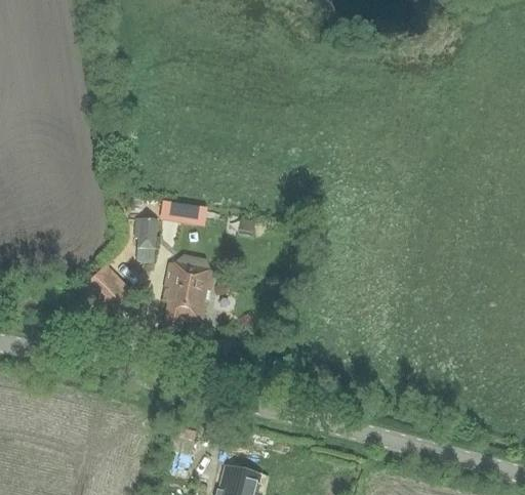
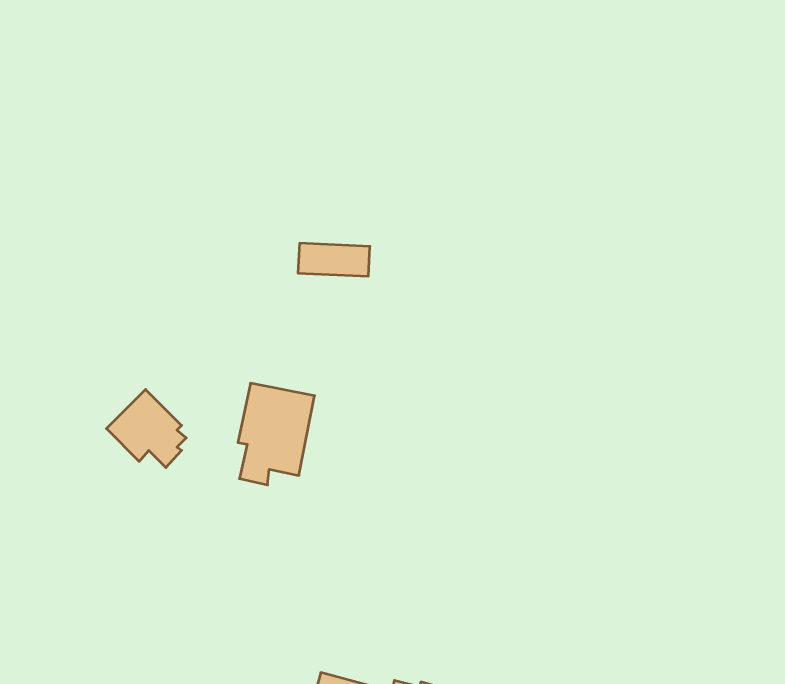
building: [166,202,213,223] -> [298,243,370,276]
building: [134,219,158,265] -> none

